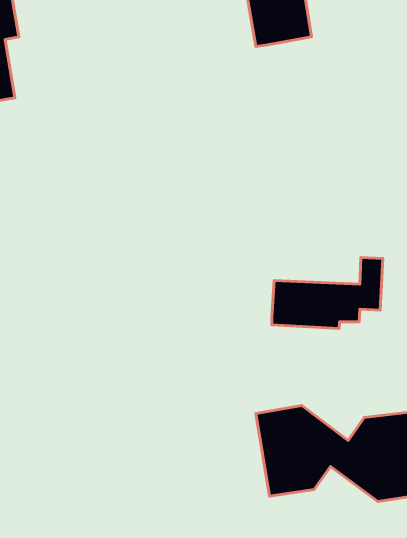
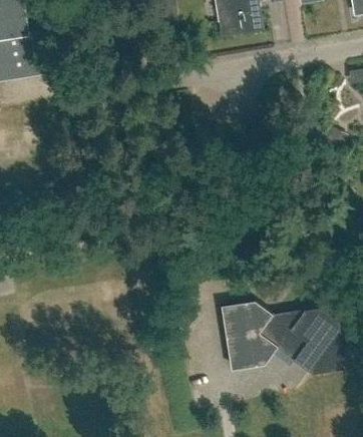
building: [272,257,383,328] -> none

